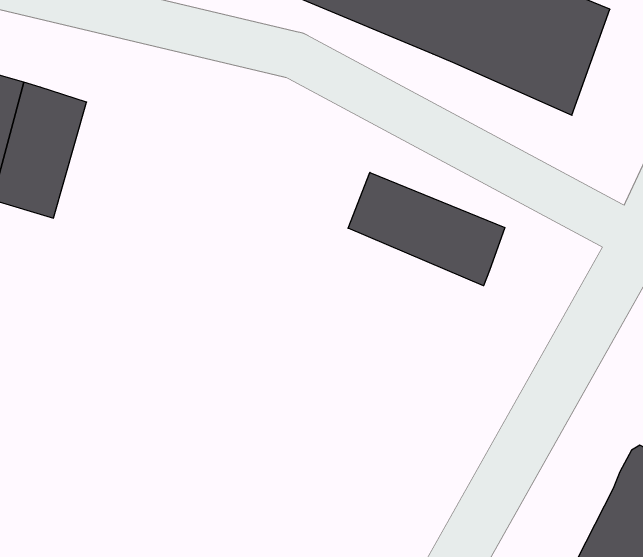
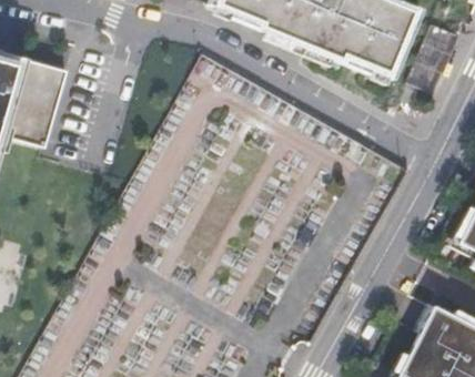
building: [348,172,505,286] -> none

